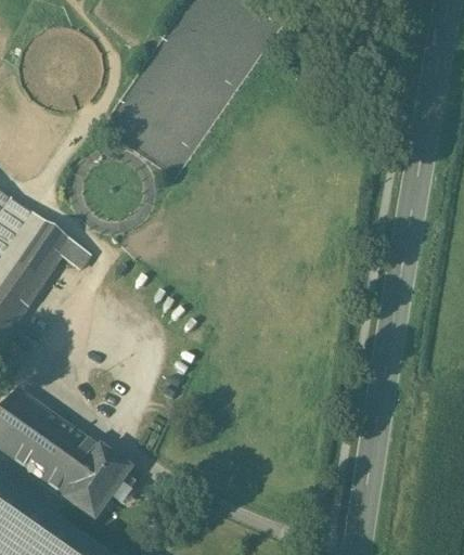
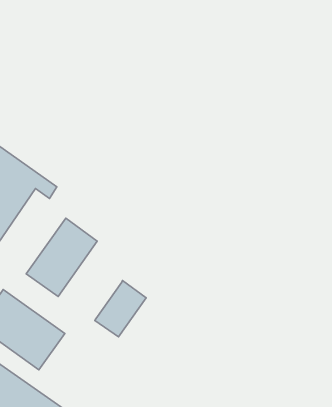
building: none -> [26,218,97,296]
building: [63,447,131,521] -> [95,281,146,337]

